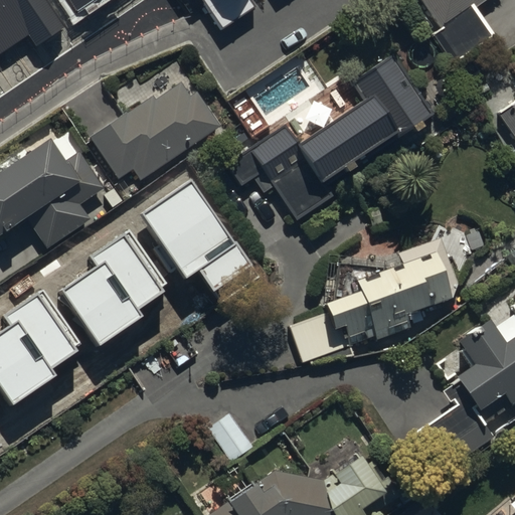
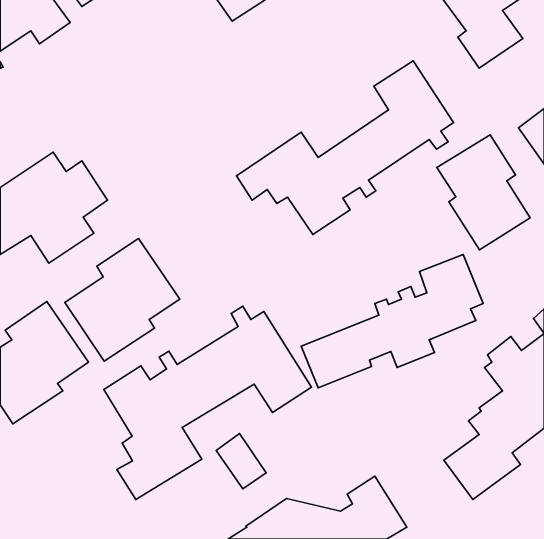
building: [67,78,219,182] -> none
building: none -> [437,135,530,250]
building: [141,175,252,287] -> none
building: none -> [104,306,312,500]

